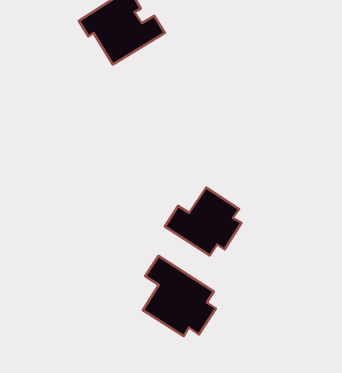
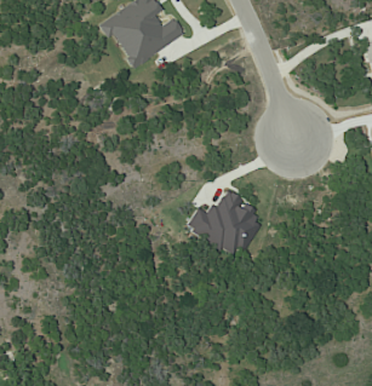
building: [143,256,216,336] -> none

